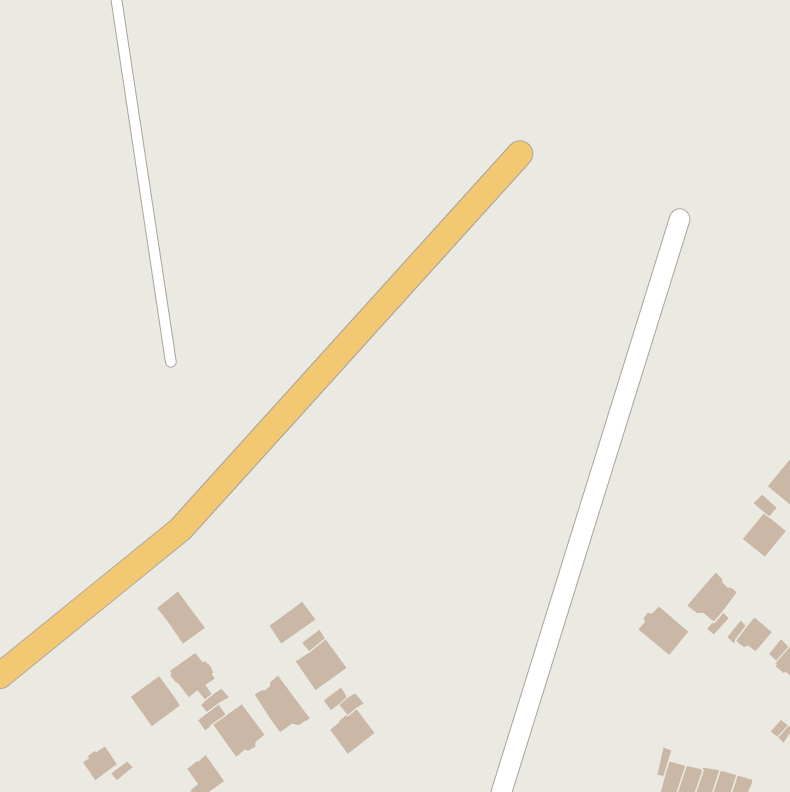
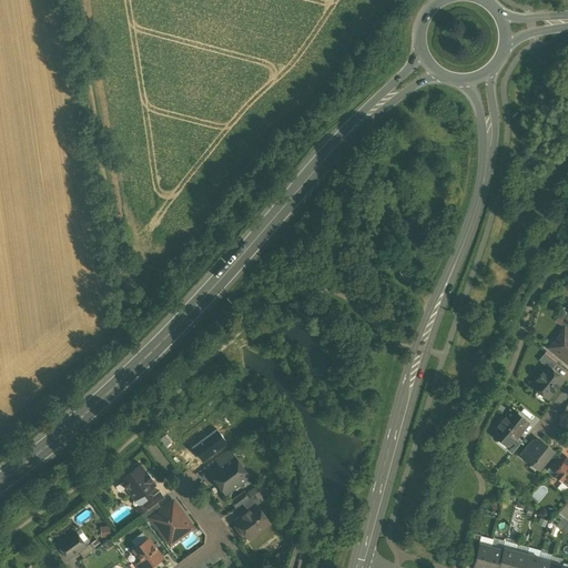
building: [156,590,206,645] -> none
building: [637,605,689,657] -> none
building: [254,675,311,733] -> none
building: [130,675,181,727] -> none

